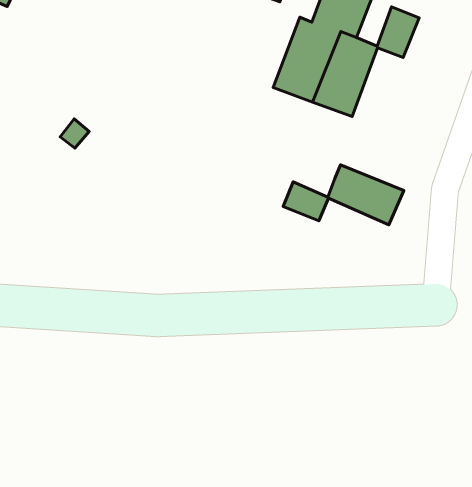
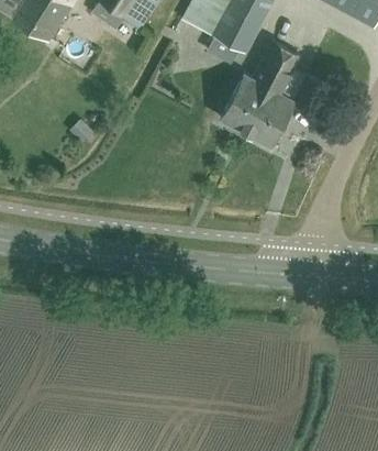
building: [283,165,404,225] -> none

